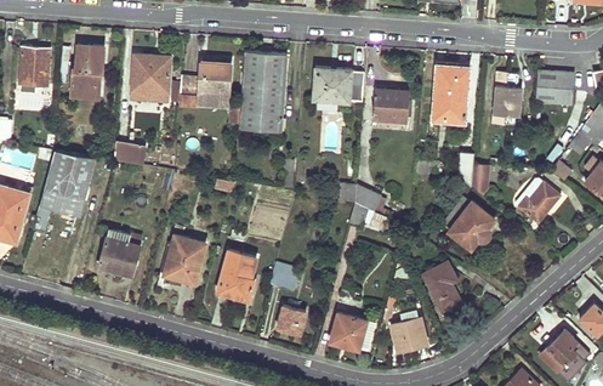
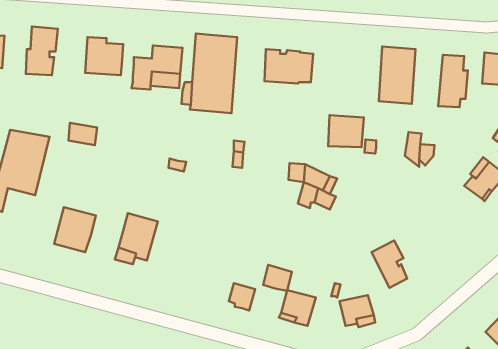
building: [372,89,409,121] -> [328,115,364,147]
building: [443,199,494,249] -> none
building: [217,250,256,300] -> none
building: [269,263,298,290] -> [263,265,292,291]

